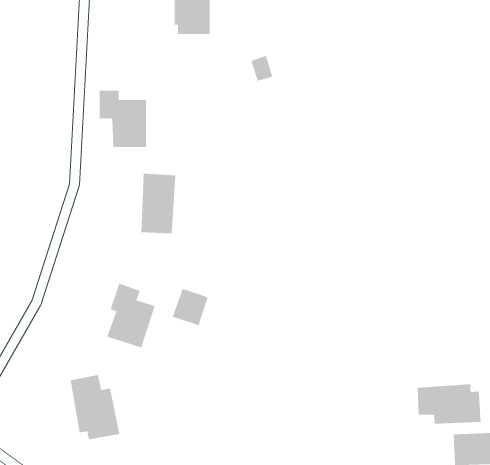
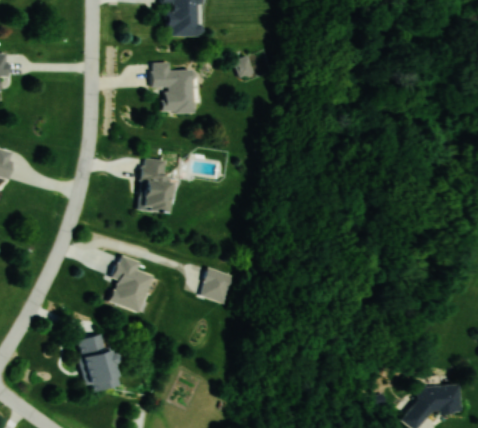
building: [99,90,147,148] -> [152,63,194,113]
building: [172,288,208,326] -> [204,269,236,302]
building: [417,384,481,424] -> none

